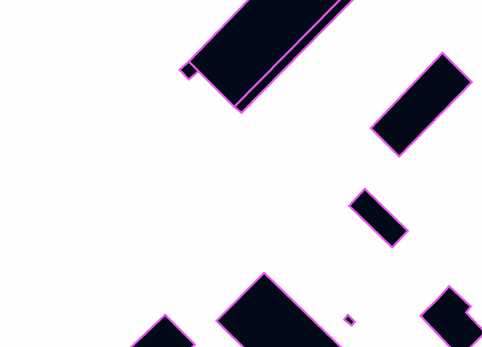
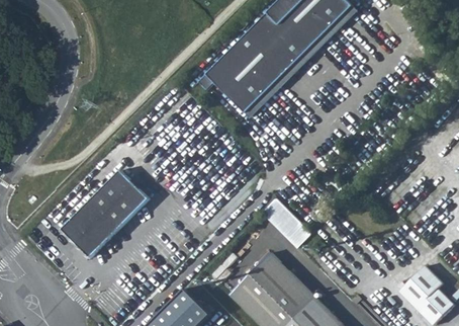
building: [371,53,472,156] -> none
building: none -> [62,171,150,258]
building: [349,189,408,247] -> [262,195,311,245]

